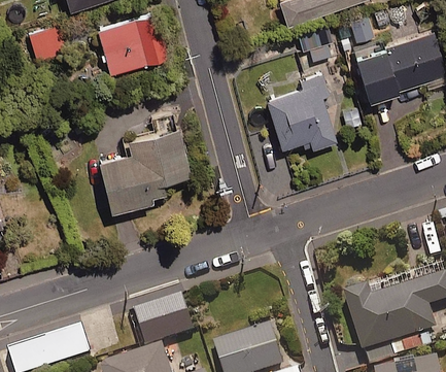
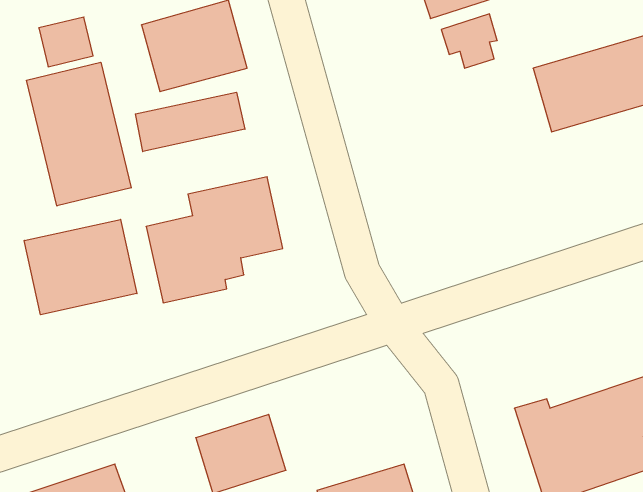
building: none -> [27,62,131,206]
building: none -> [135,92,245,152]
building: [267,78,336,151] -> none
building: none -> [24,219,137,315]

